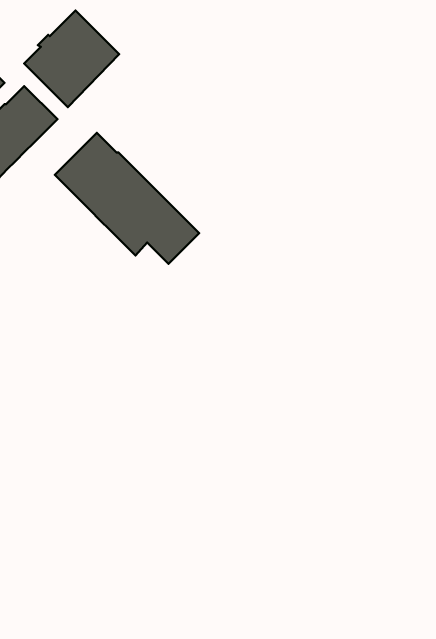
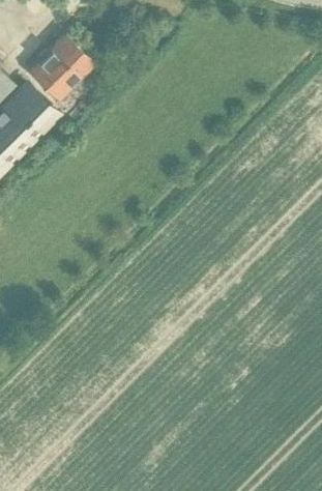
building: [55,133,199,264] -> none

